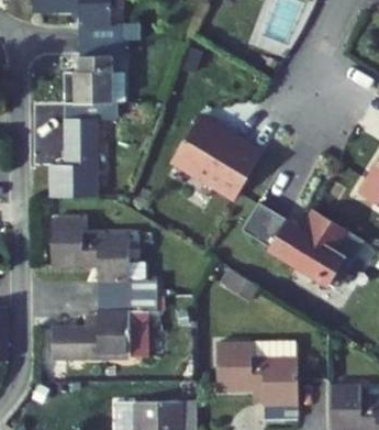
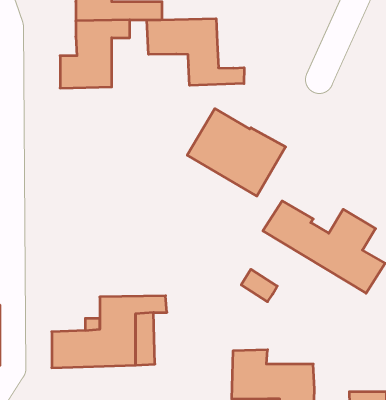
building: none -> [147,19,244,85]
building: [49,102,110,197] -> none
building: [52,232,157,295] -> none

